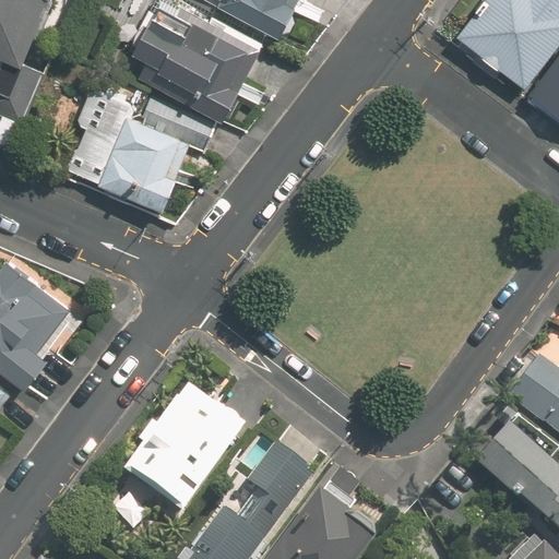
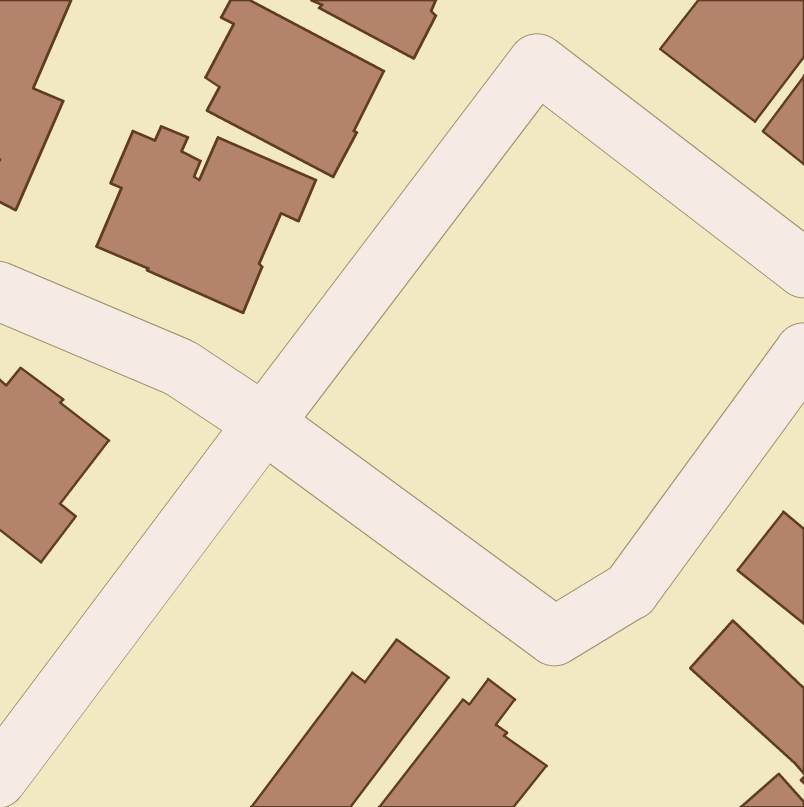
building: [126,381,248,508] -> none

